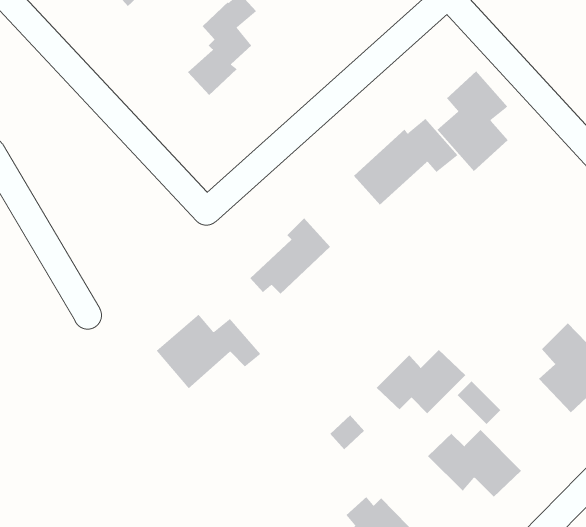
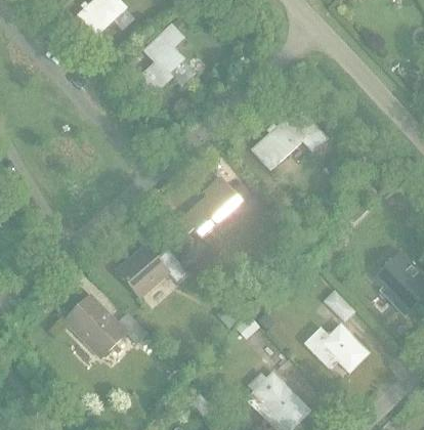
building: [437,71,508,172] -> none
building: [376,349,466,414] -> none
building: none -> [65,295,146,357]

